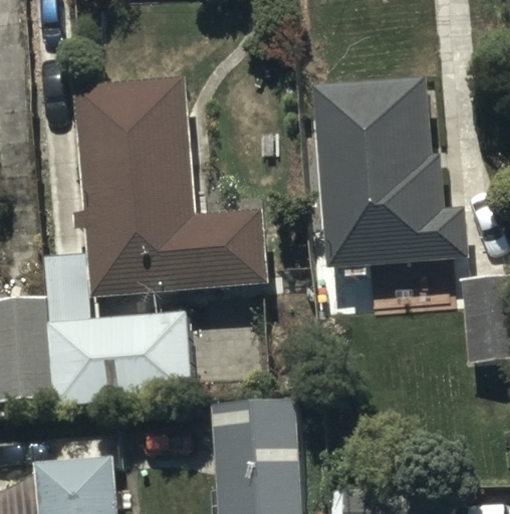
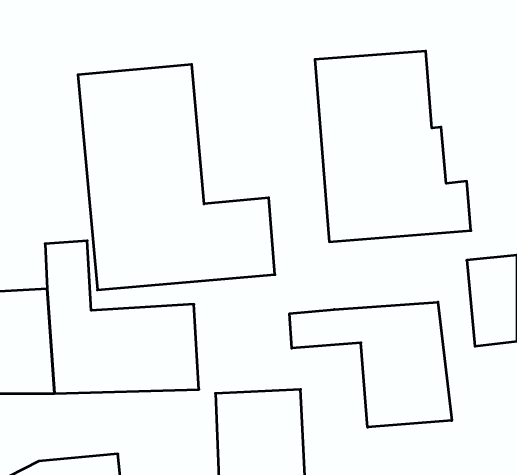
building: none -> [290,302,452,427]

